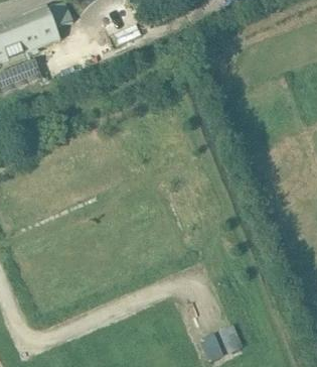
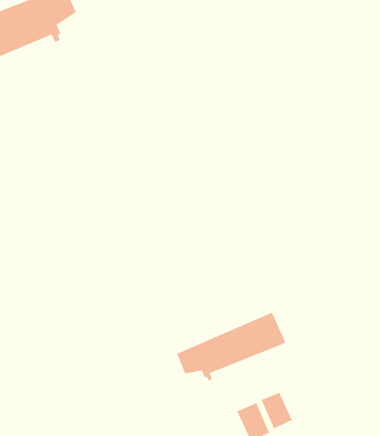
building: none -> [177,312,286,381]

